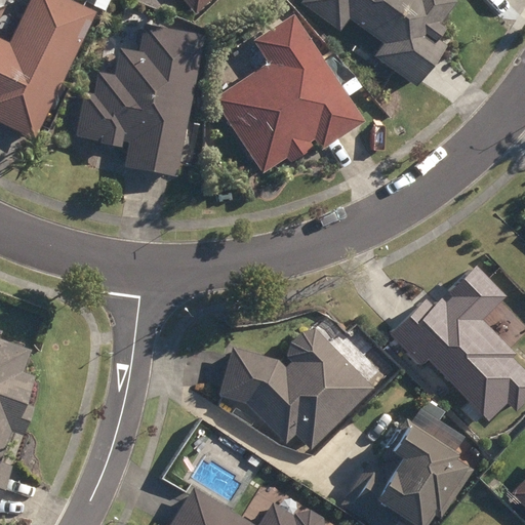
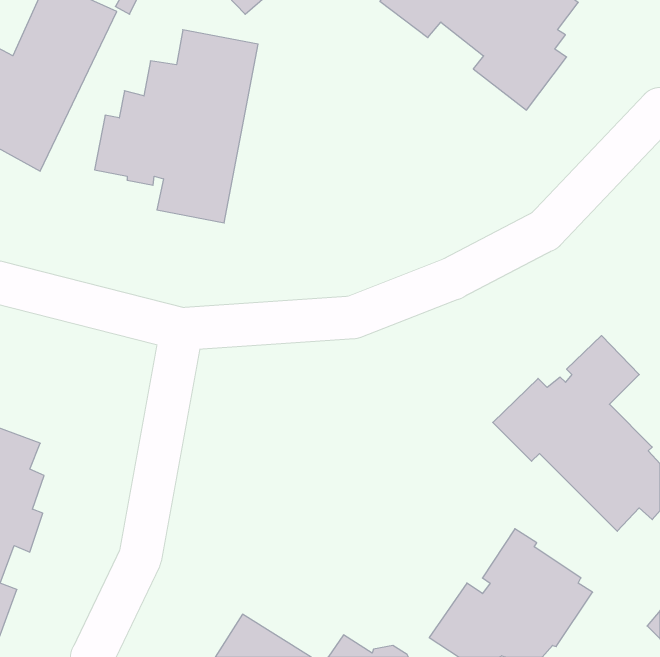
building: [213,14,365,173] -> none
building: [220,332,373,448] -> none

